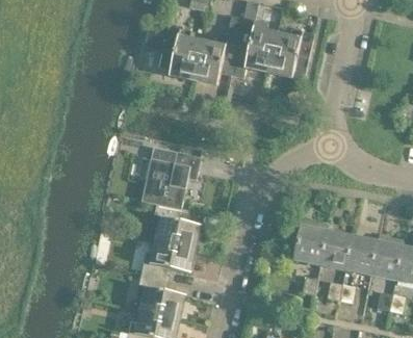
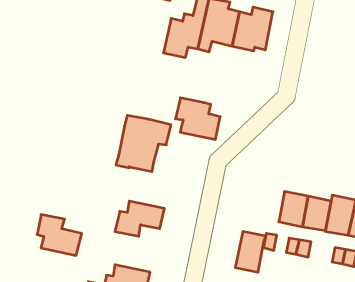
building: [161,27,203,79] -> none
building: [152,204,201,250] -> [175,98,220,140]
building: [295,219,329,264] -> [235,231,266,272]
building: [137,275,186,319] -> [37,215,82,255]

